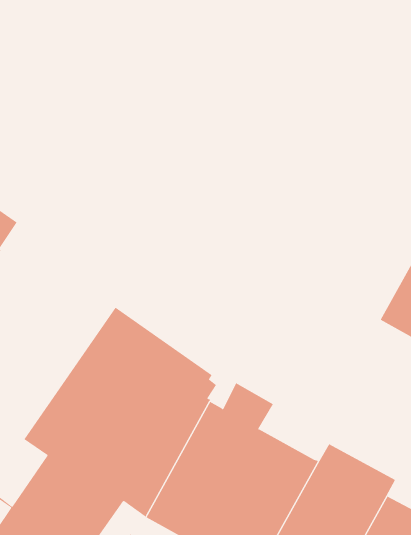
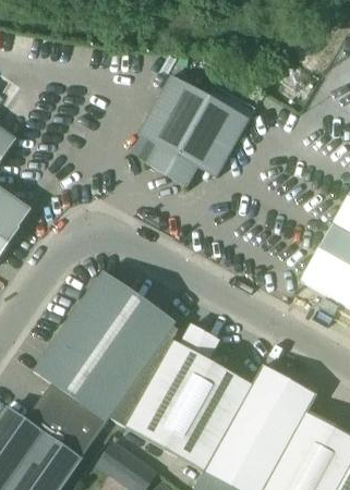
building: none -> [137,75,255,185]

